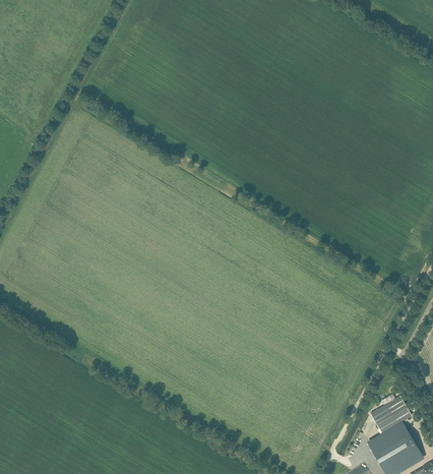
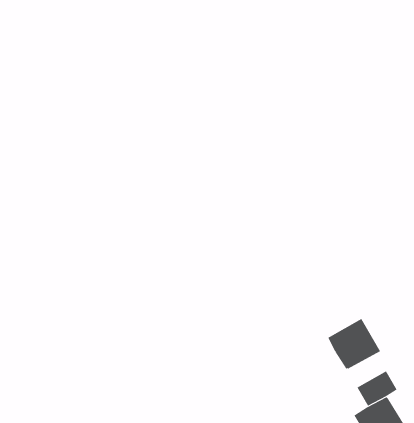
building: none -> [327,318,381,370]

